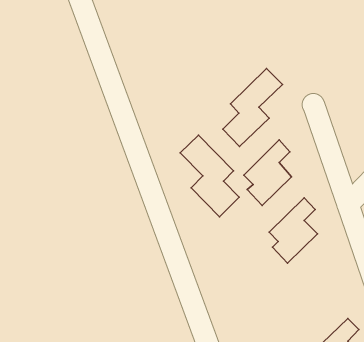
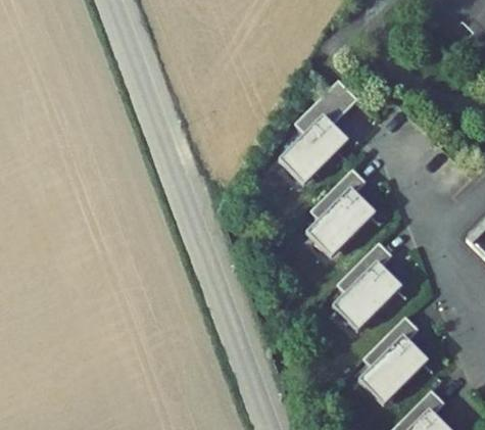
building: [180,135,239,217] -> none
building: none -> [366,318,425,397]

